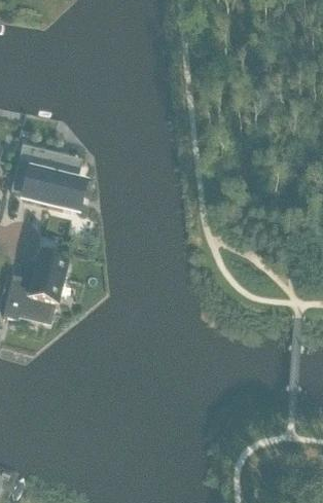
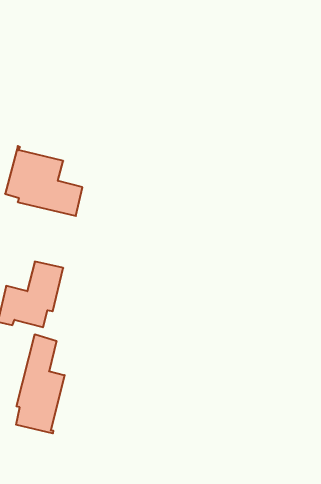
building: none -> [16,334,65,433]

